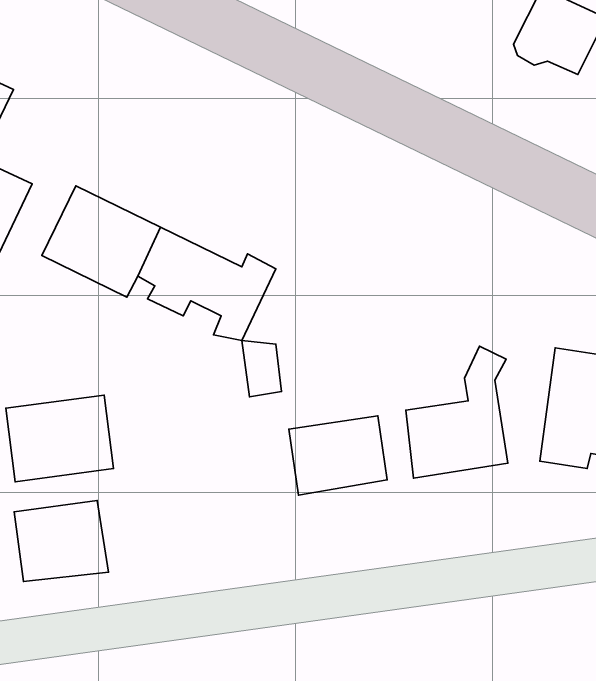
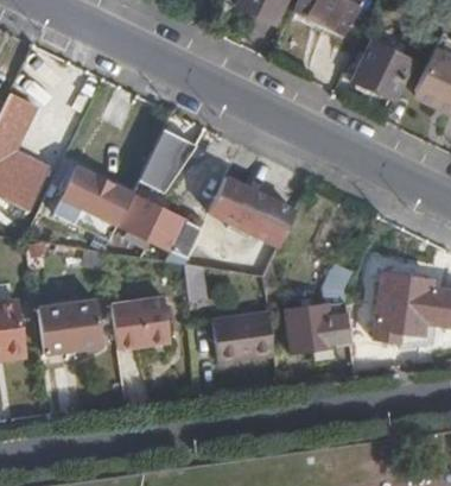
building: none -> [139,130,196,190]
building: none -> [208,177,294,245]
building: [14,501,108,582] -> [112,297,171,348]

